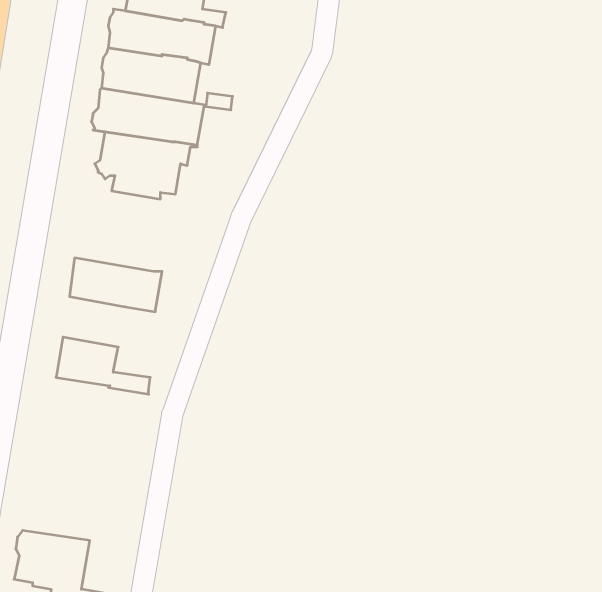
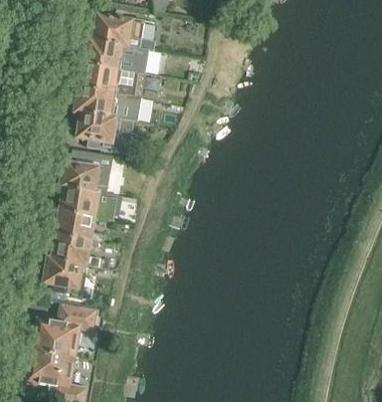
building: none -> [61,149,110,193]
building: none -> [57,209,105,240]
building: none -> [43,256,85,298]
building: none -> [32,304,96,355]

